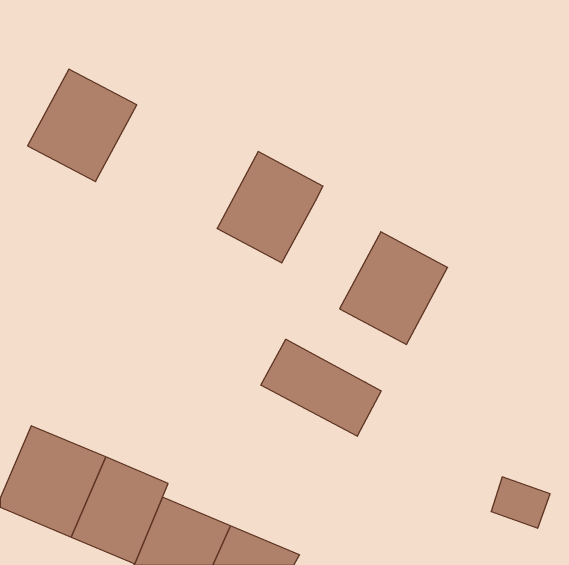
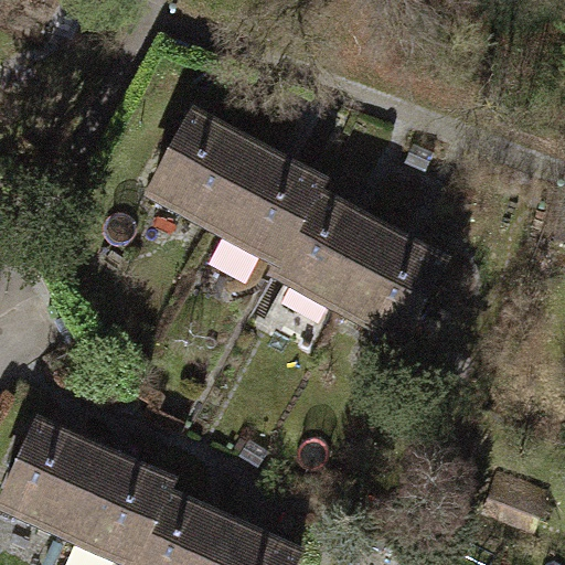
building: [28,69,137,182] -> [148,115,256,226]
building: none -> [274,195,377,306]
building: [261,339,381,436] -> none

